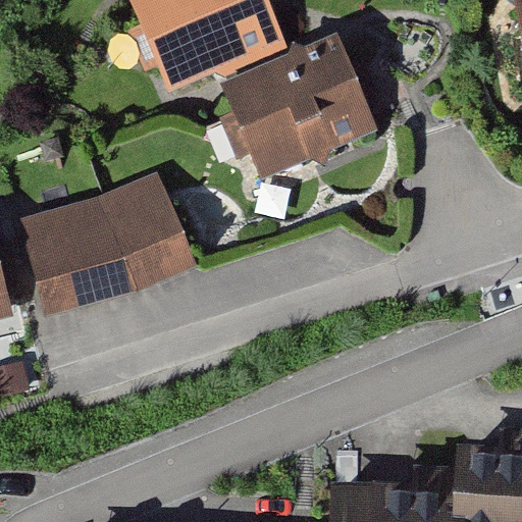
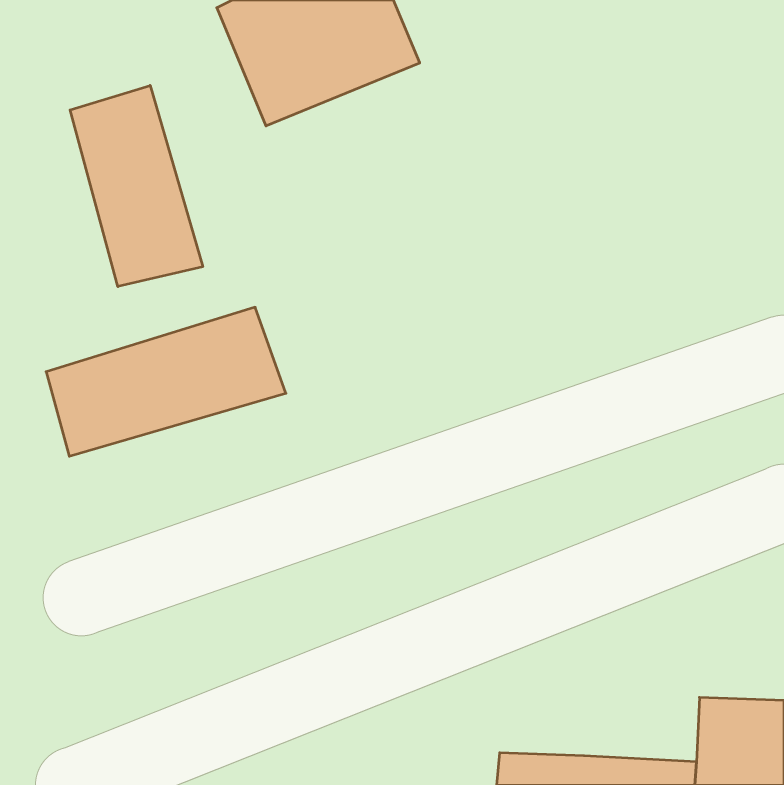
building: [236,51,370,172] -> none
building: none -> [70,85,203,287]

